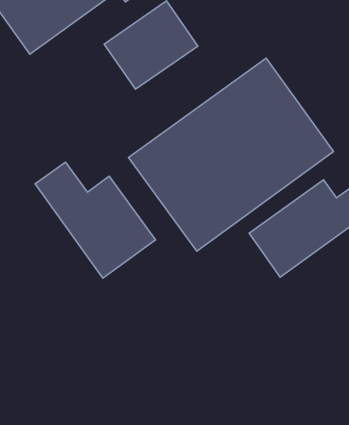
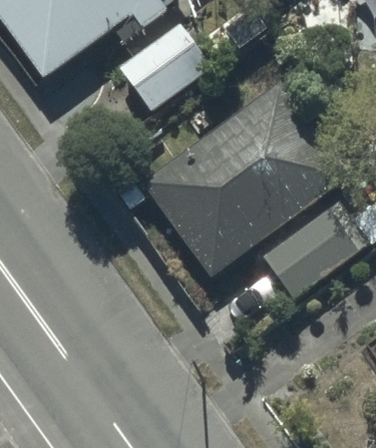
building: [35,162,155,278] -> none

